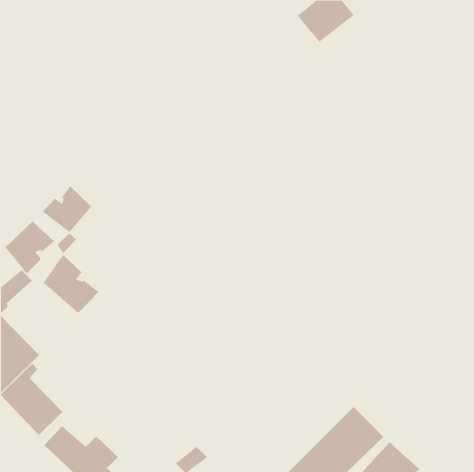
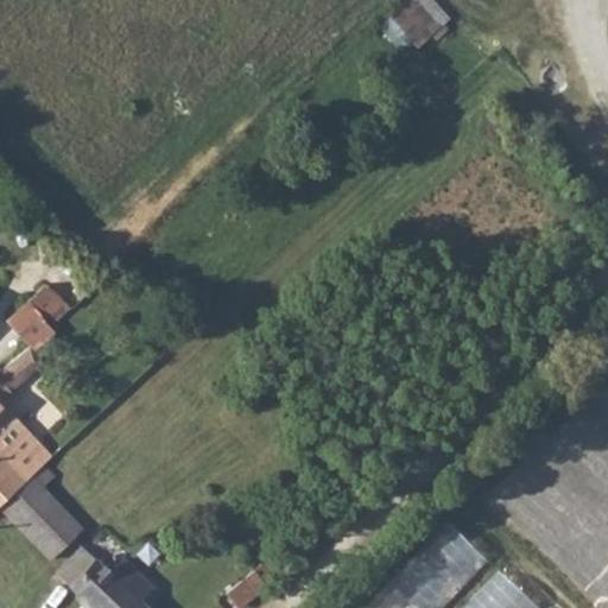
building: [42,185,92,233] -> none
building: [43,254,99,314] -> none

